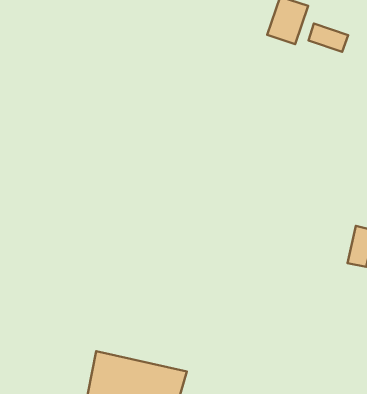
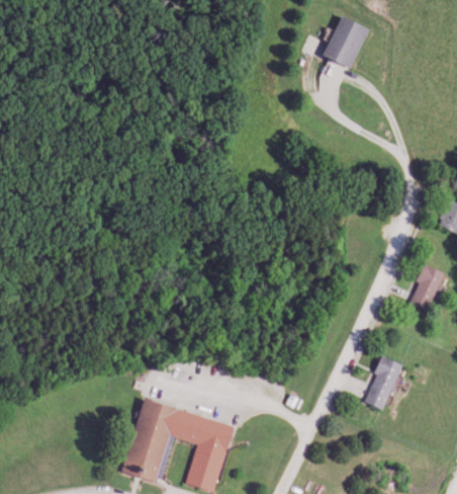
building: [309,23,348,52] -> none
building: none -> [363,356,400,410]

